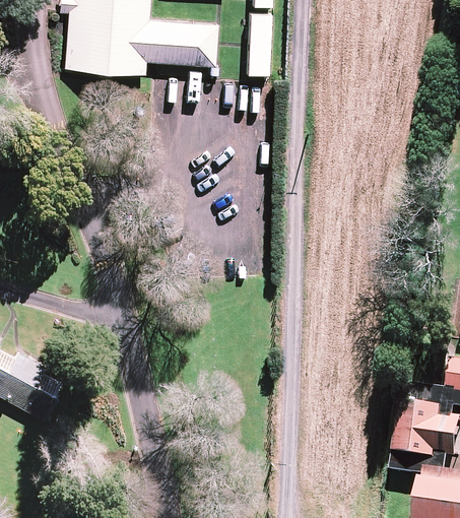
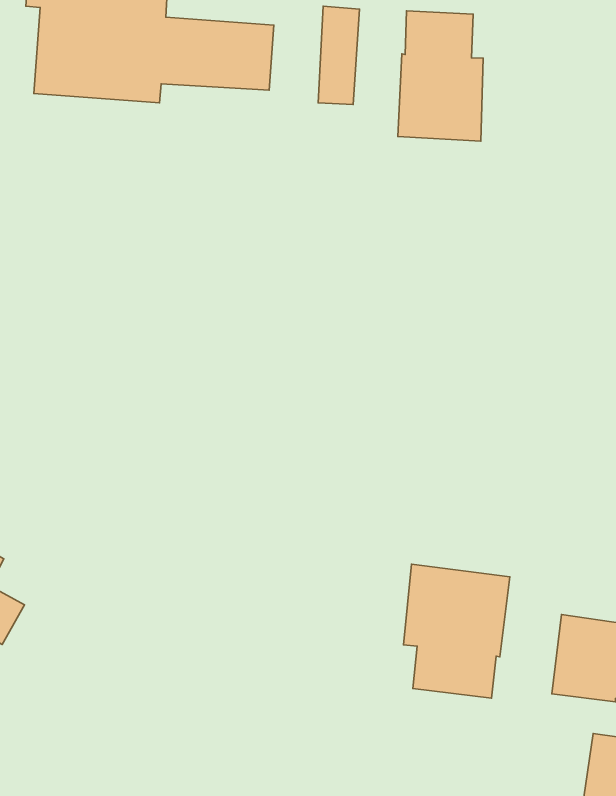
building: none -> [398,11,483,141]
building: none -> [403,564,510,698]

